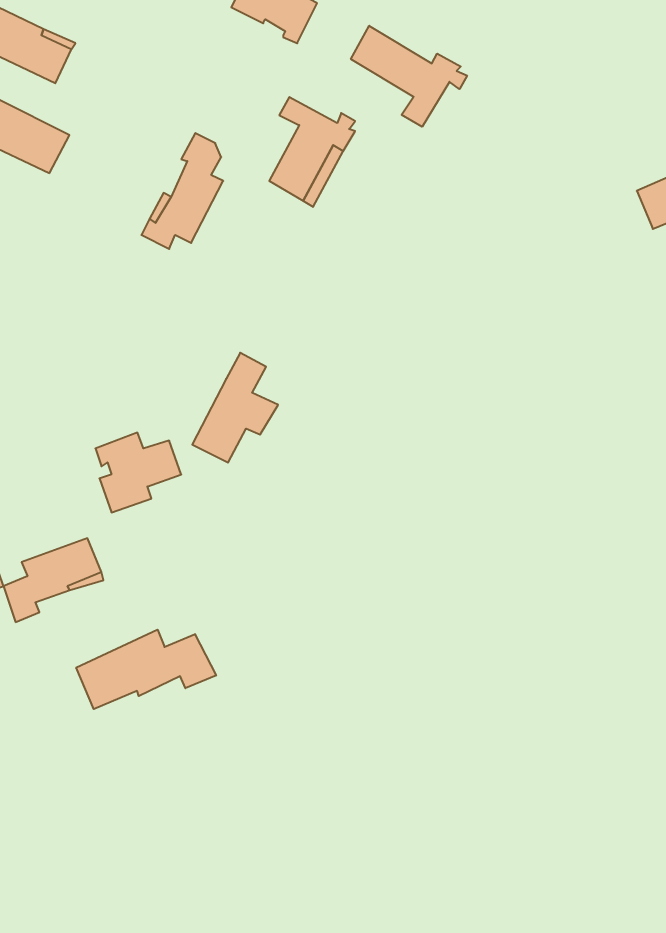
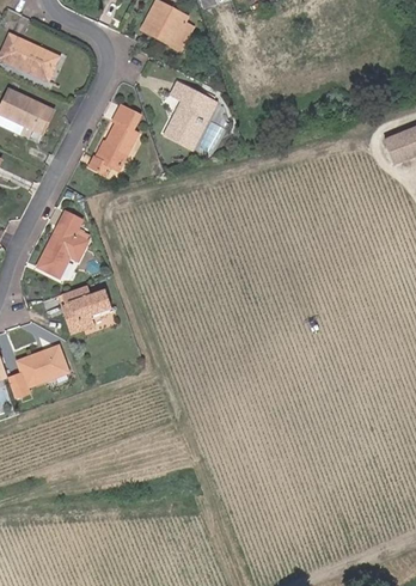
building: [351,26,467,127] -> none
building: [192,353,278,463] -> [36,210,87,276]
building: [76,630,216,709] -> none

